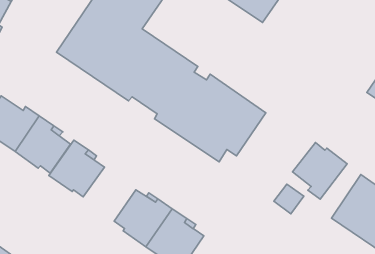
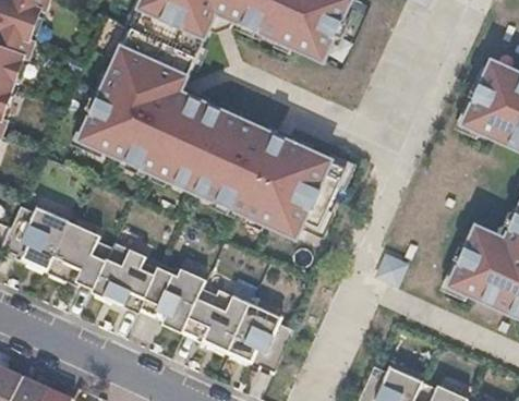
building: [292,143,347,199] -> none
building: none -> [142,263,208,335]

